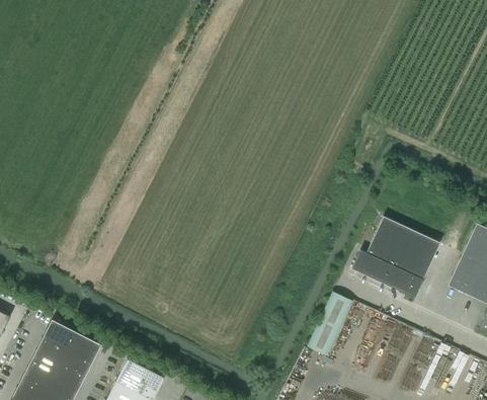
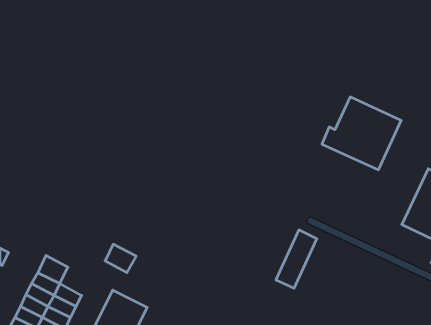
building: [351,216,439,297] -> [322,97,401,170]
building: [67,332,101,364] -> [105,244,136,273]

